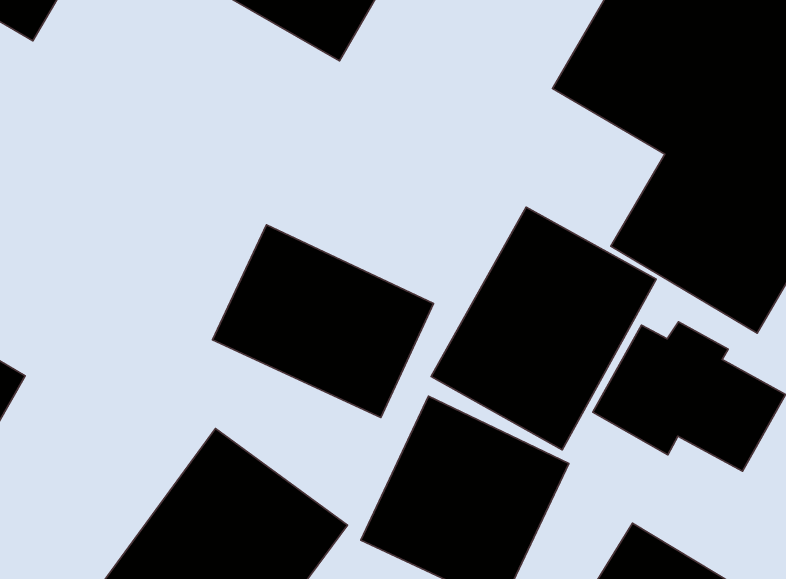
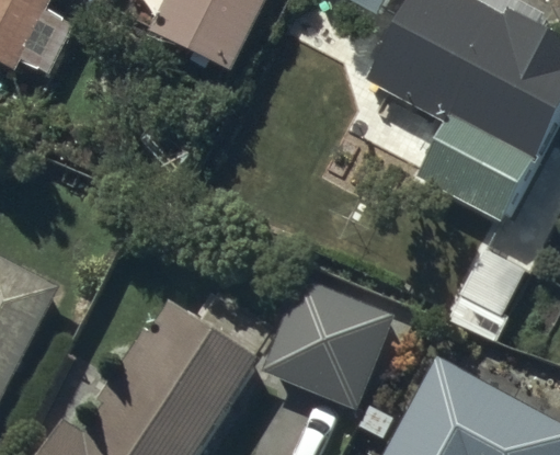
building: [431,207,656,450] -> none
building: [213,225,434,418] -> none

